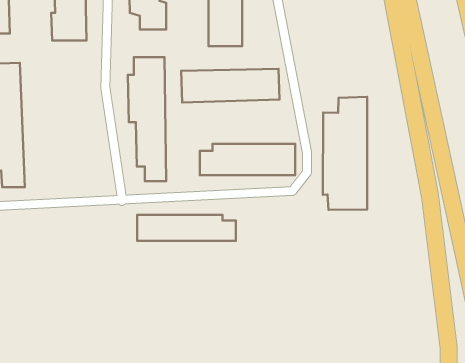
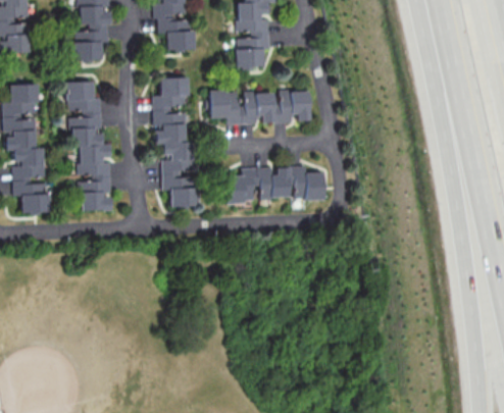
building: none -> [66,81,110,210]
building: [323,97,367,210] -> none
building: [137,215,236,241] -> none

